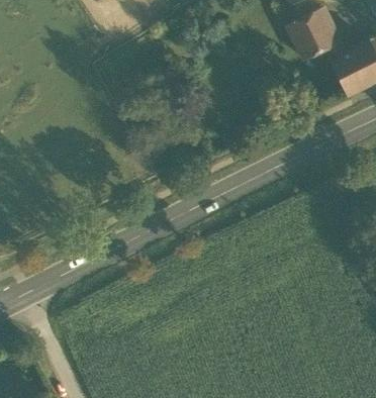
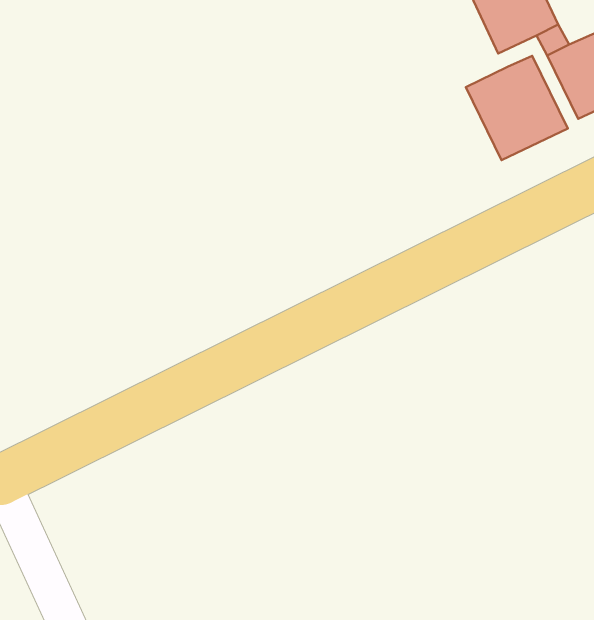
building: none -> [466,56,568,160]

